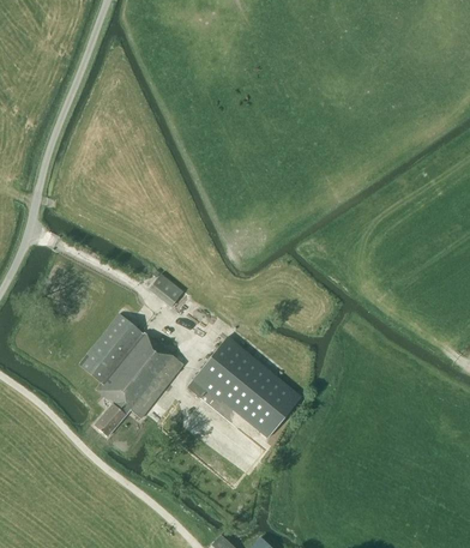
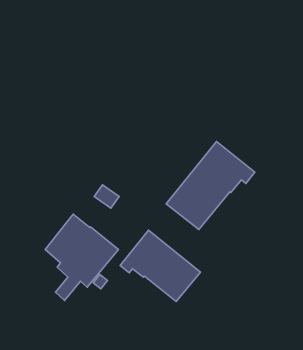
building: none -> [166,142,255,229]

